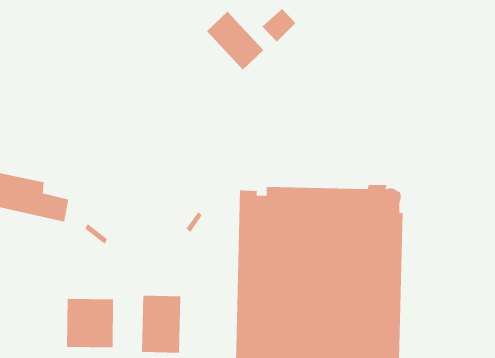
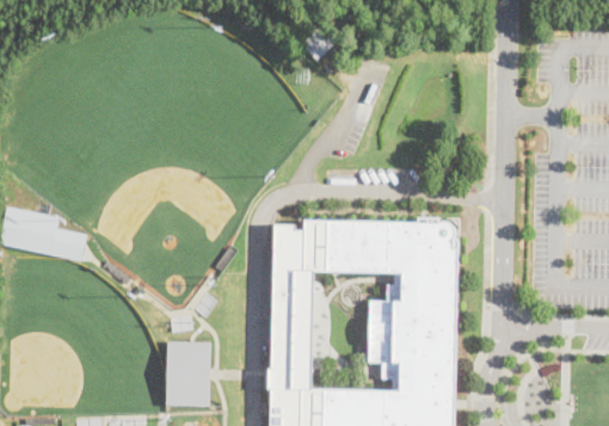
building: [206,11,264,70] -> none
building: [67,298,114,348] -> none

